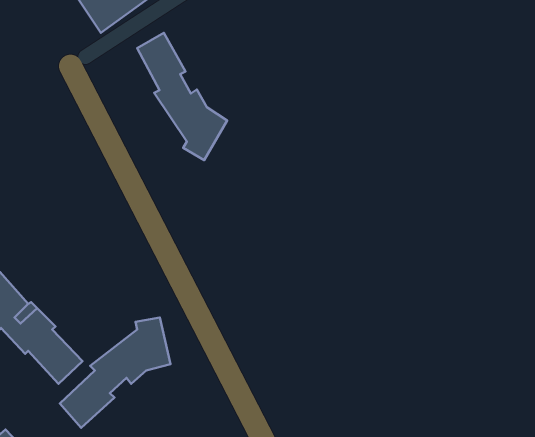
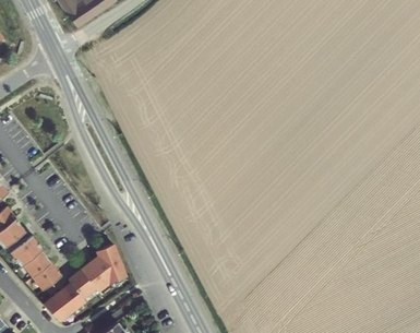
building: [137,33,227,160] -> none

